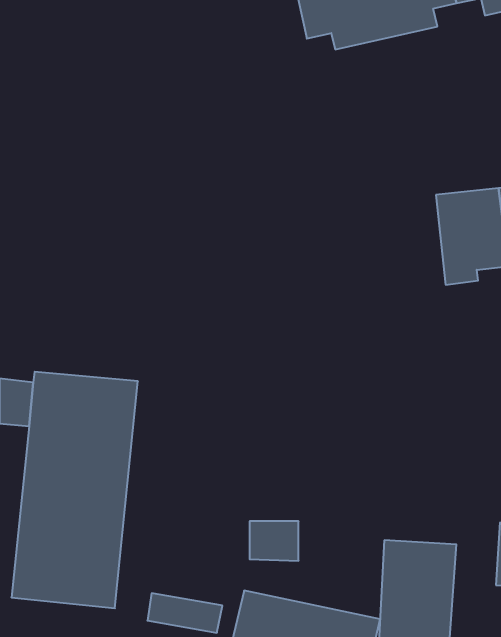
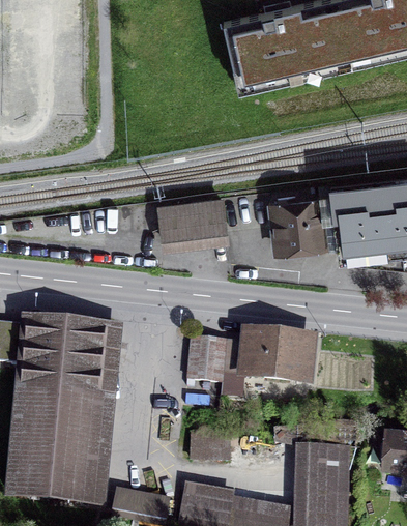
building: none -> [161,199,227,238]
building: none -> [274,200,325,246]
building: none -> [190,337,320,394]

